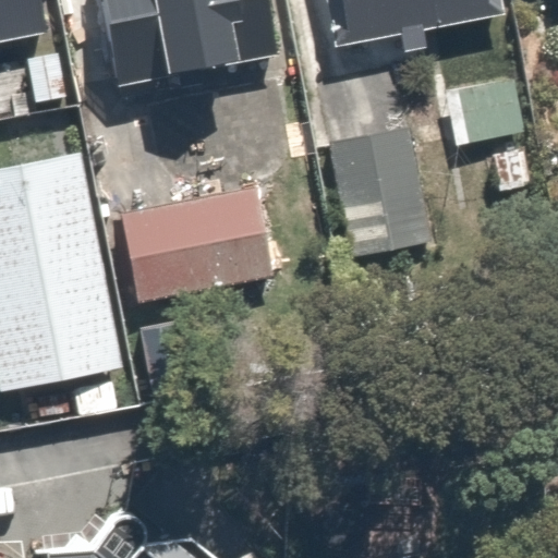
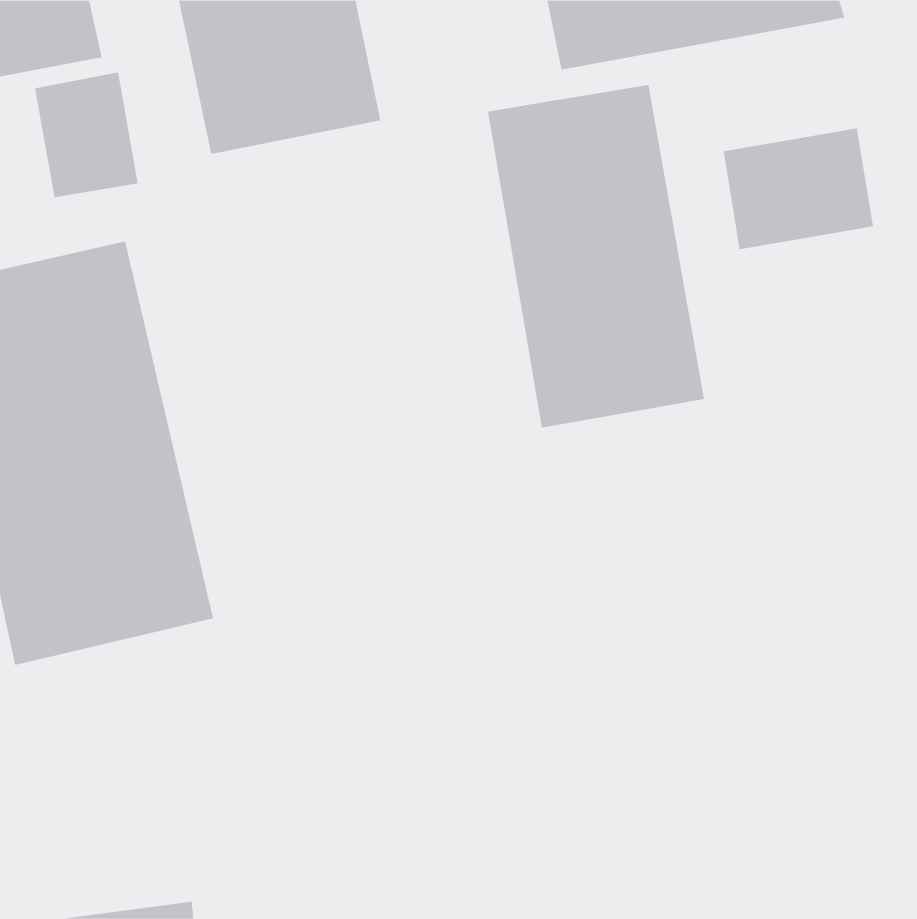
building: [122,194,241,300] -> none

